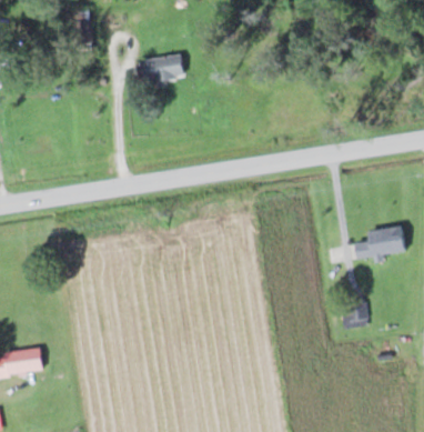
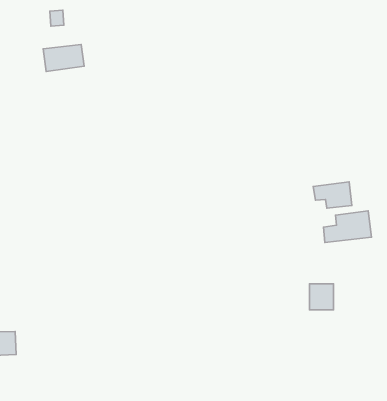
building: [141,56,183,83] -> [43,44,84,71]
building: none -> [313,182,352,208]

